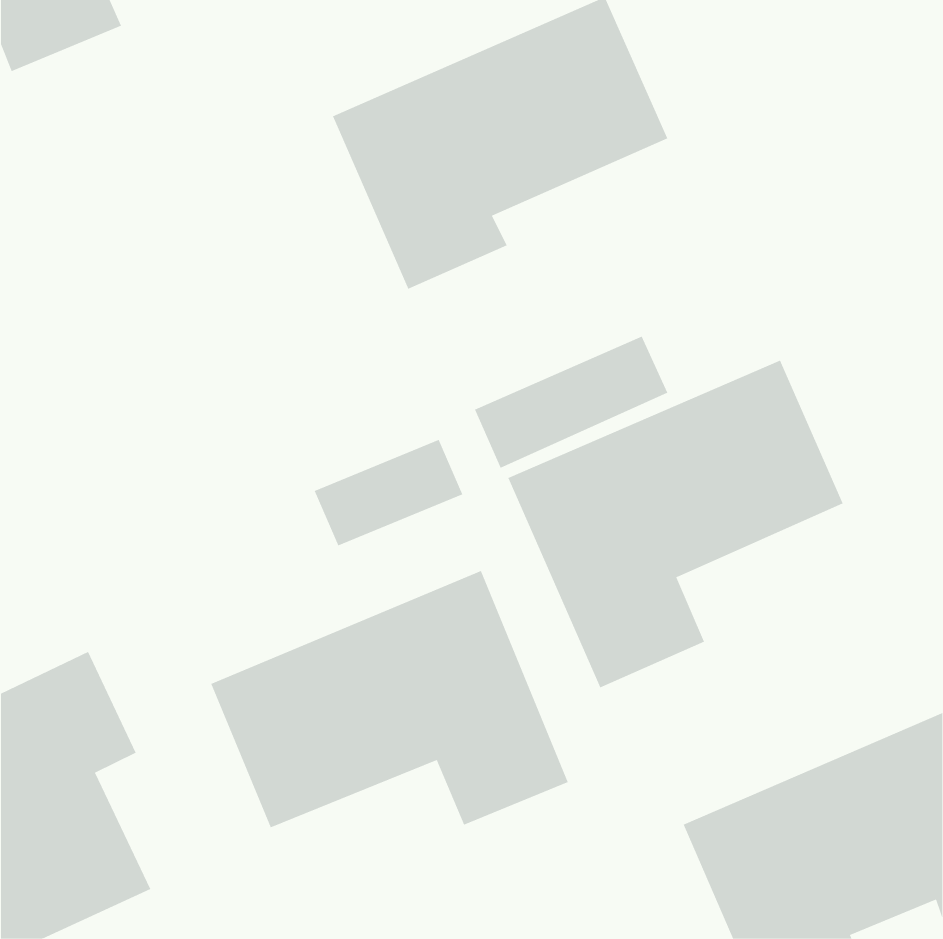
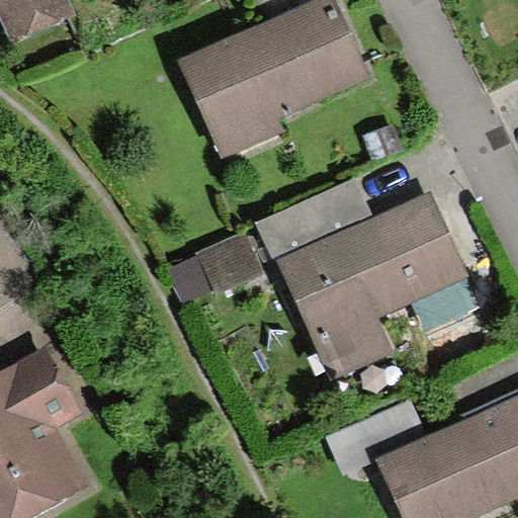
building: [210,570,569,828] -> none

